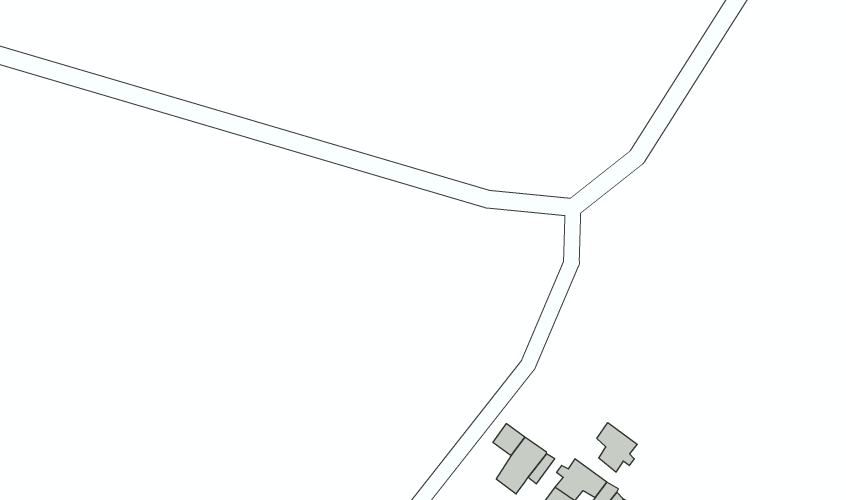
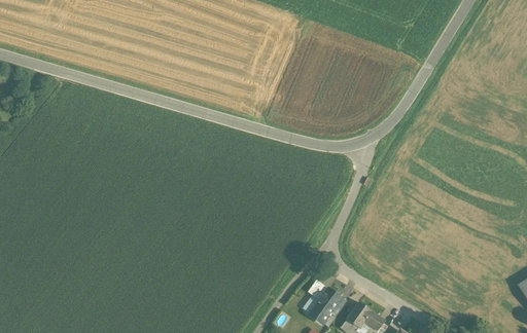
building: [597,423,637,472] -> none

